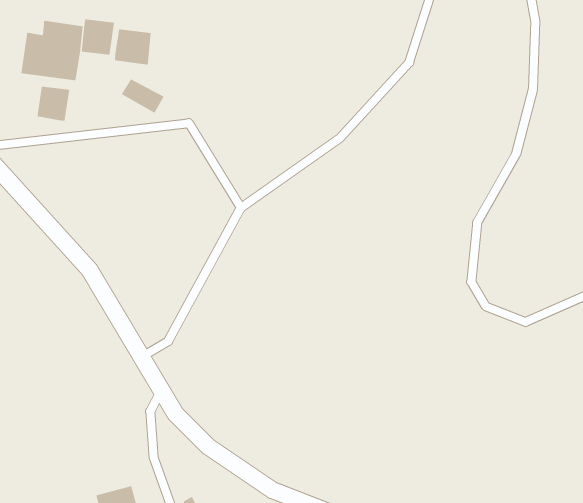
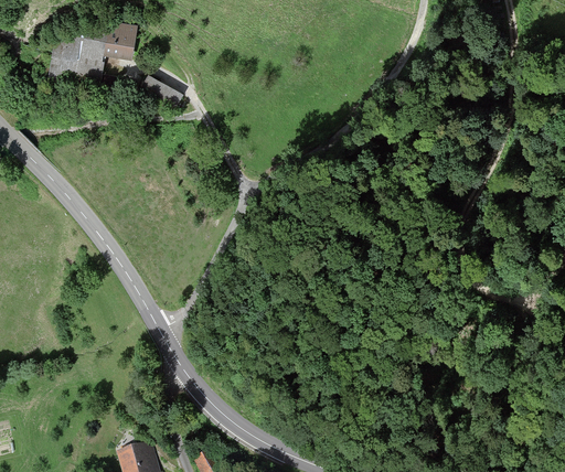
building: [114,29,151,65] -> none
building: [37,86,70,121] -> none

